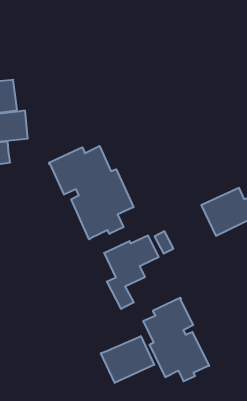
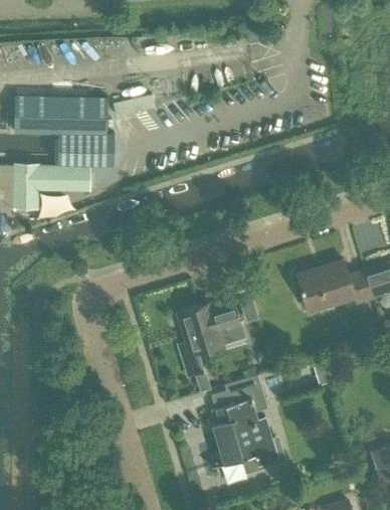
building: [49,146,134,239] -> none
building: [101,336,154,383] -> none

